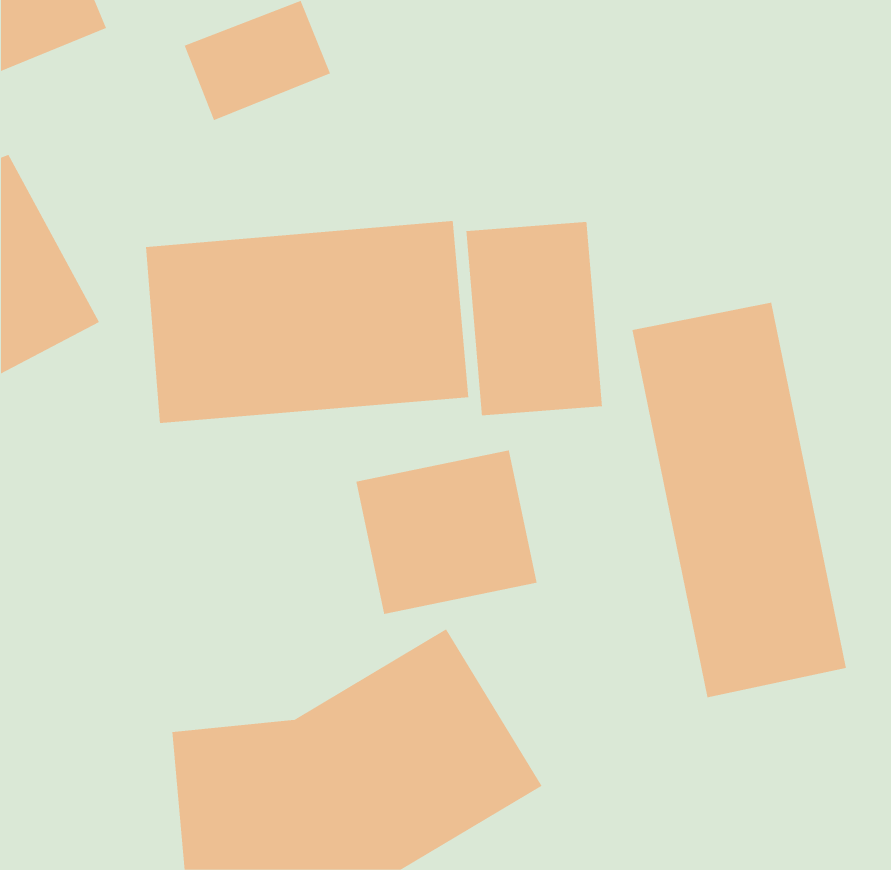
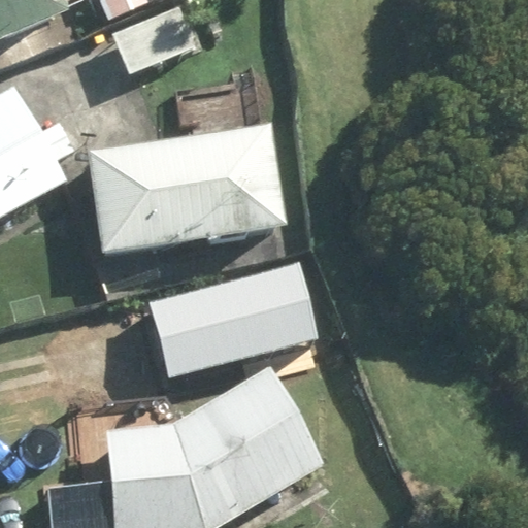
building: [466,221,603,416] -> none
building: [632,302,846,698] -> none

